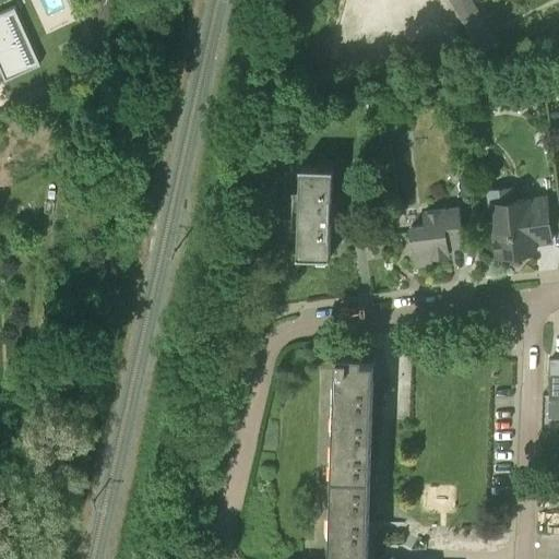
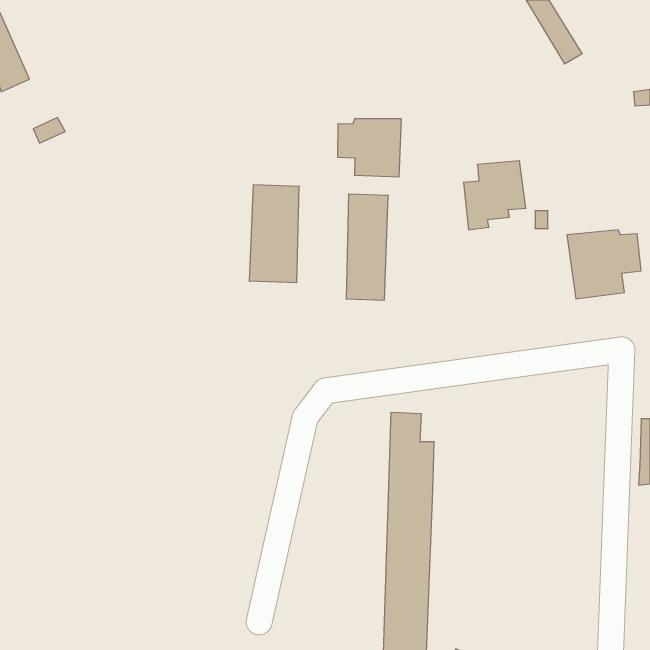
building: none -> [338,118,401,177]
building: none -> [249,185,299,283]
building: [408,209,462,267] -> [463,161,526,230]

